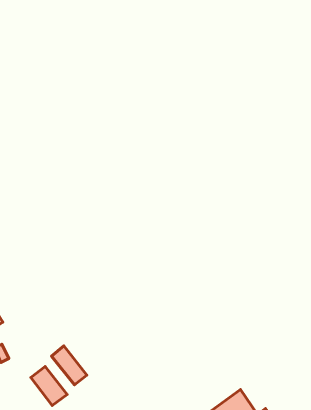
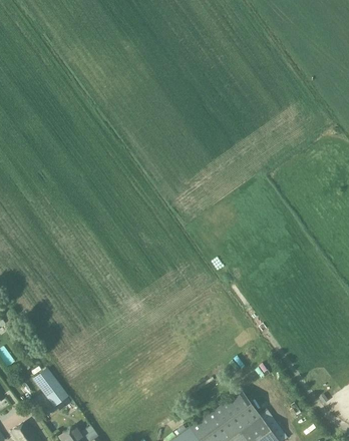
building: [52,346,87,385] -> none

